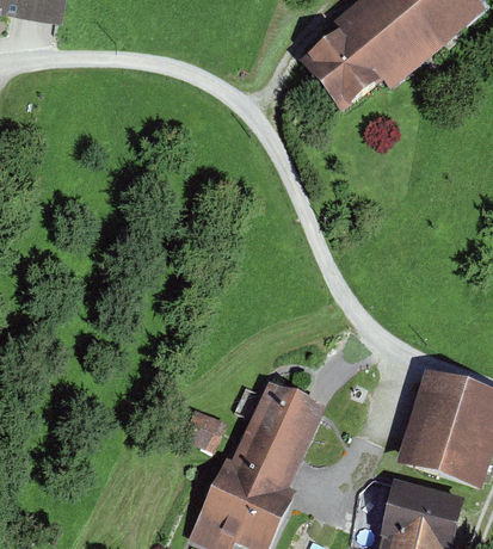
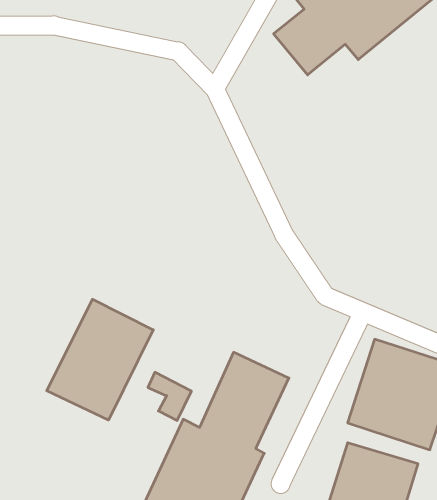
building: none -> [47,299,153,420]

